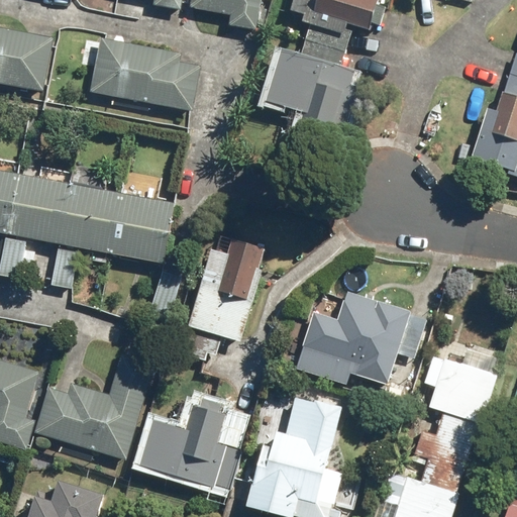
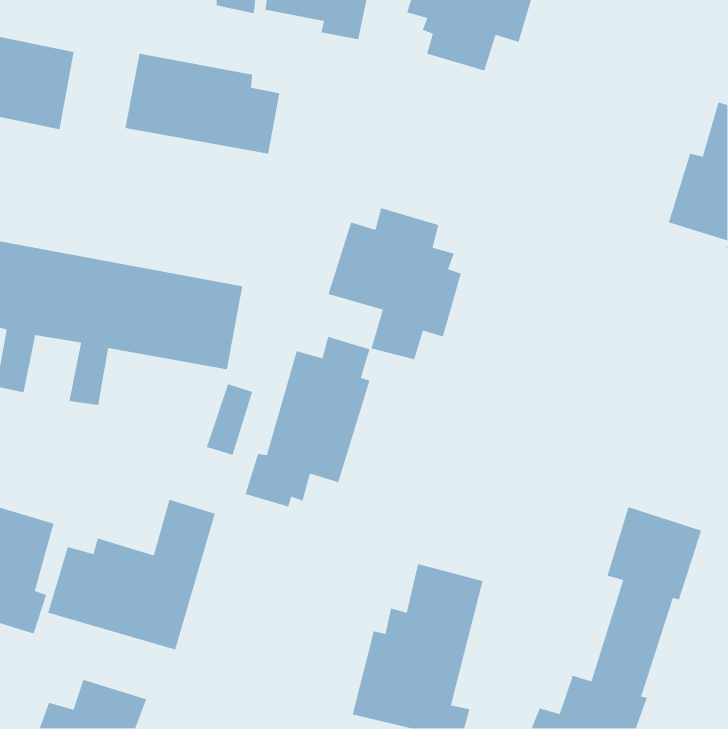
building: [264,38,358,146] -> [328,207,462,360]
building: [301,294,412,384] -> none
building: [137,403,241,489] -> none

